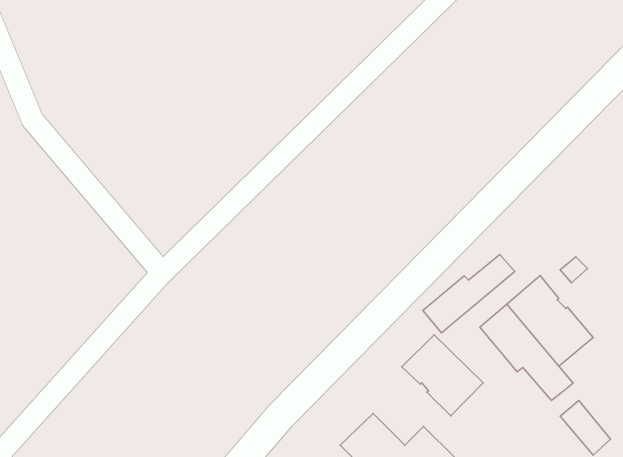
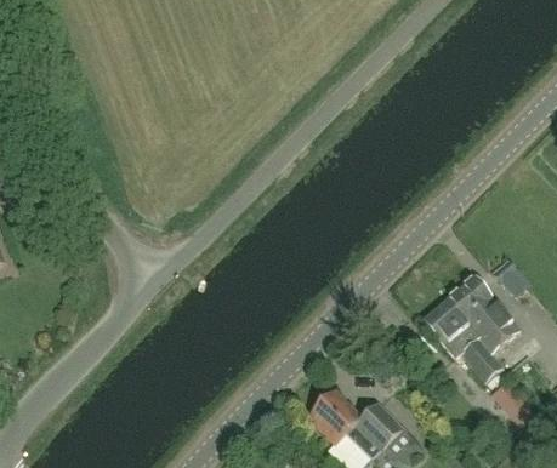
building: [423,255,515,333] -> none
building: [402,335,483,416] -> none

